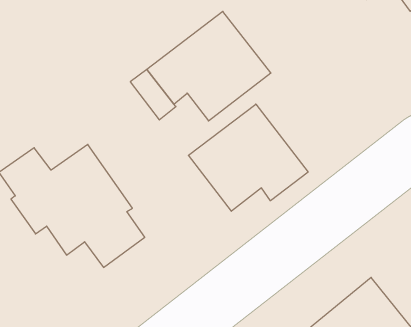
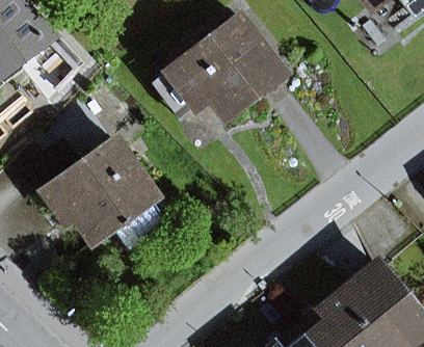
building: [188,104,308,211] -> none

